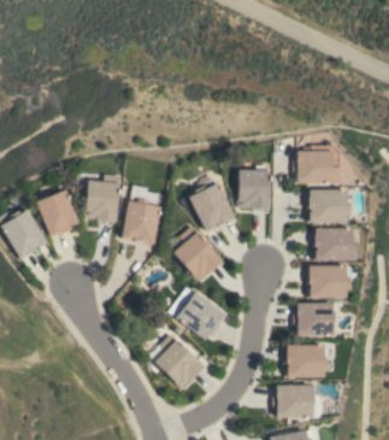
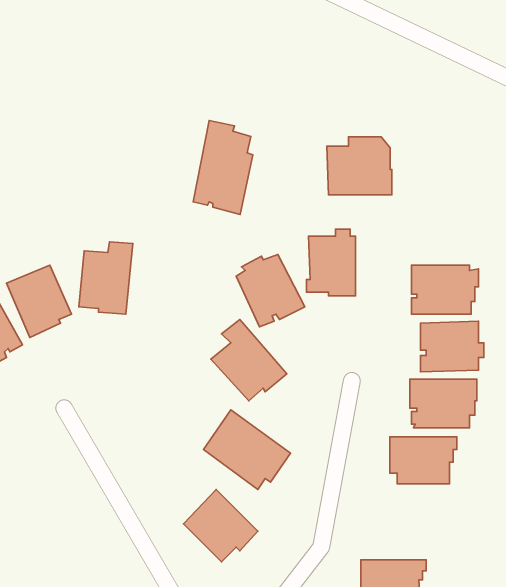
building: [296,145,340,183] -> [327,137,392,195]
building: [123,183,163,246] -> [193,120,253,214]
building: [284,345,329,377] -> none

